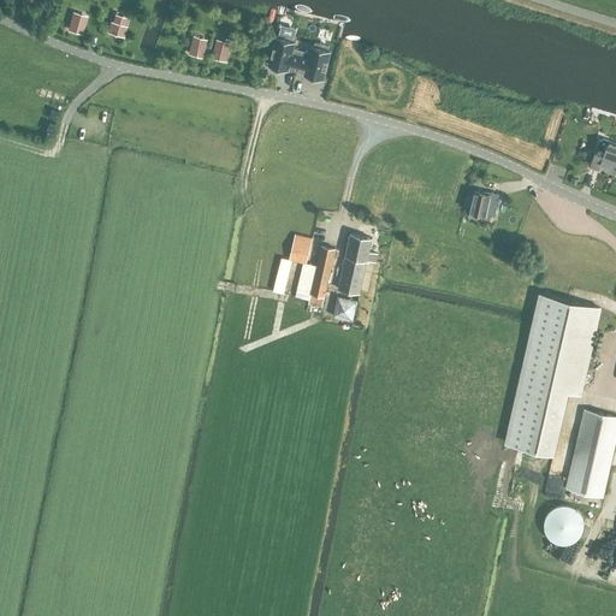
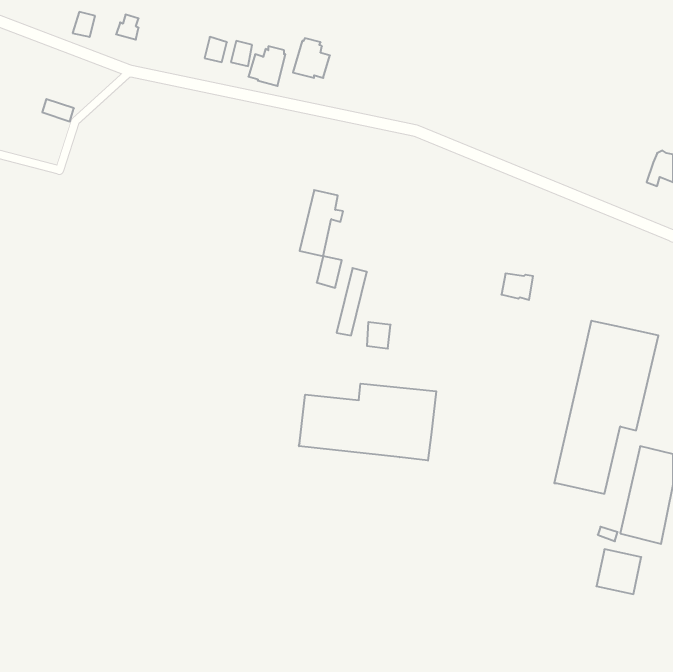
building: [295,46,328,82] -> [248,46,285,86]
building: [469,192,498,217] -> [501,274,533,300]
building: [337,235,377,295] -> [300,190,343,256]
building: none -> [299,384,436,461]

